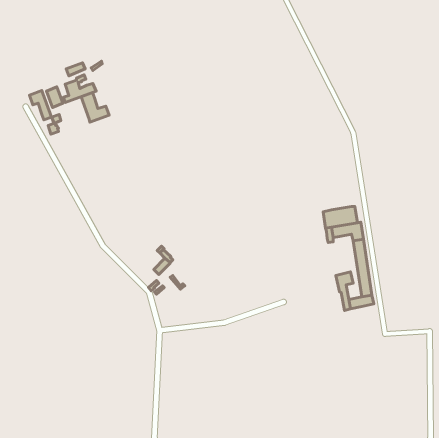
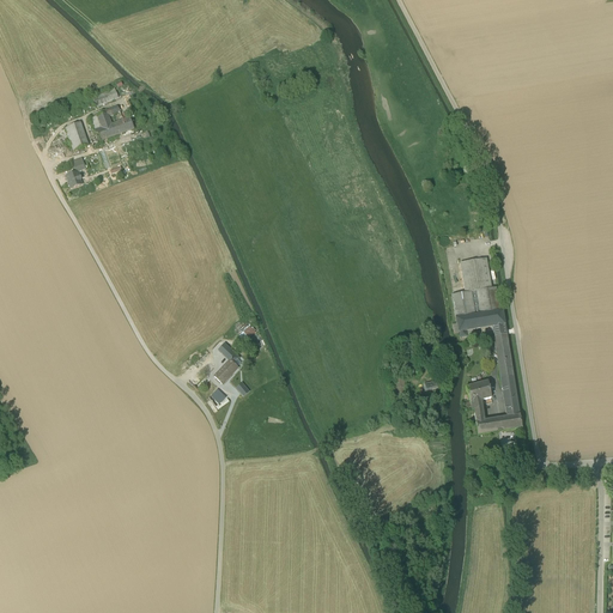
building: [29,90,52,120] -> none
building: [81,93,109,122] -> none
building: none -> [459,257,490,292]

